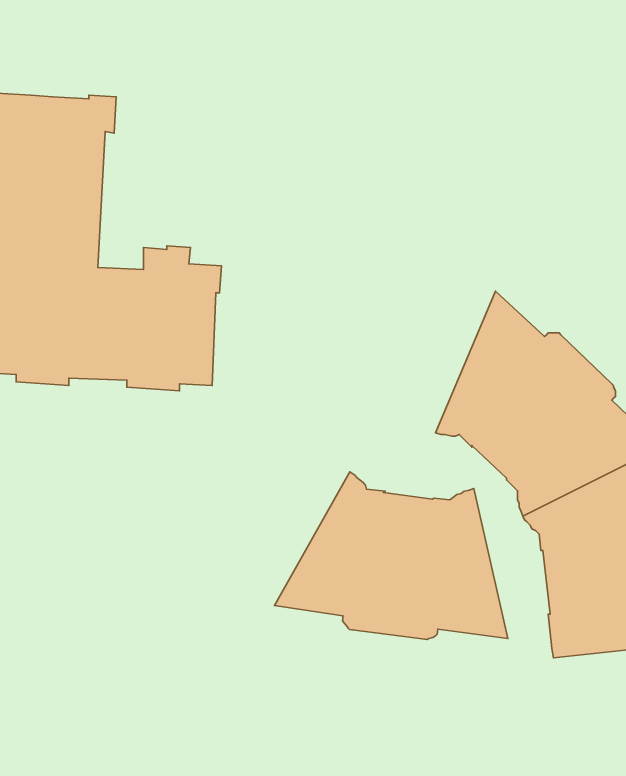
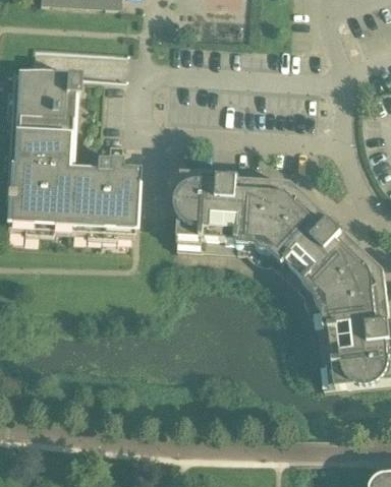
building: none -> [179,171,294,261]
building: [275,472,508,640] -> none

